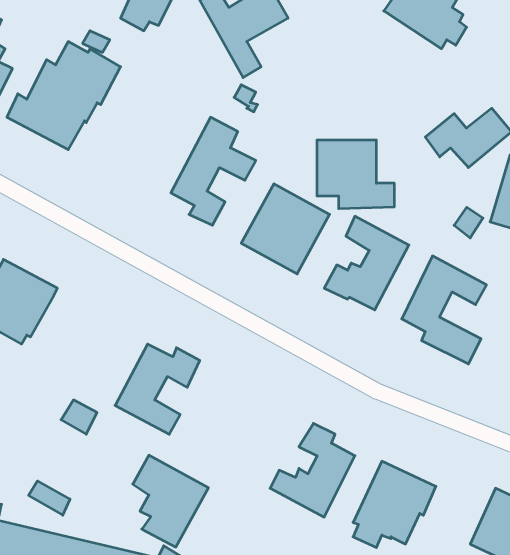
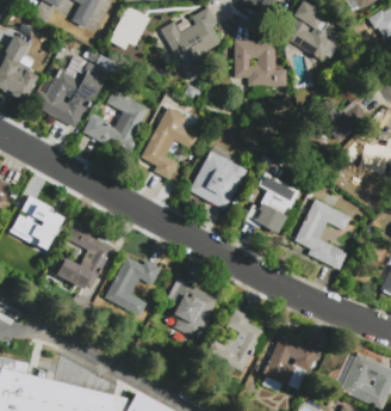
building: none -> [82,84,148,152]
building: [317,140,394,209] -> [234,42,285,87]
building: none -> [56,222,112,288]
building: [133,455,208,547] -> [168,278,218,339]

